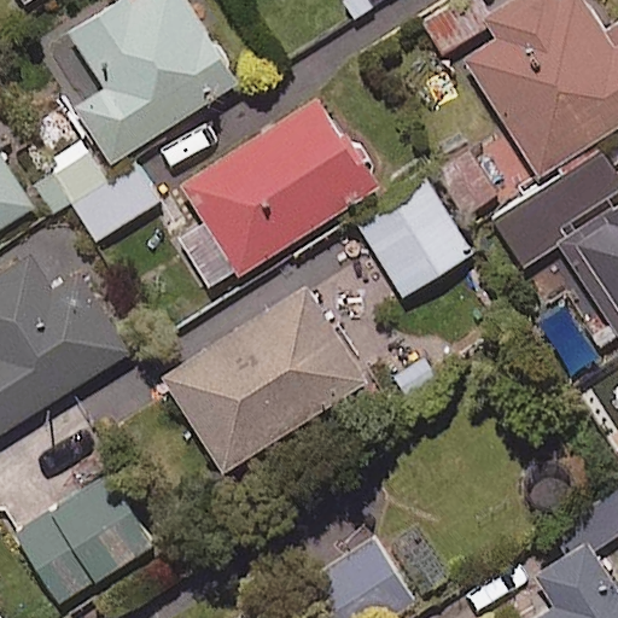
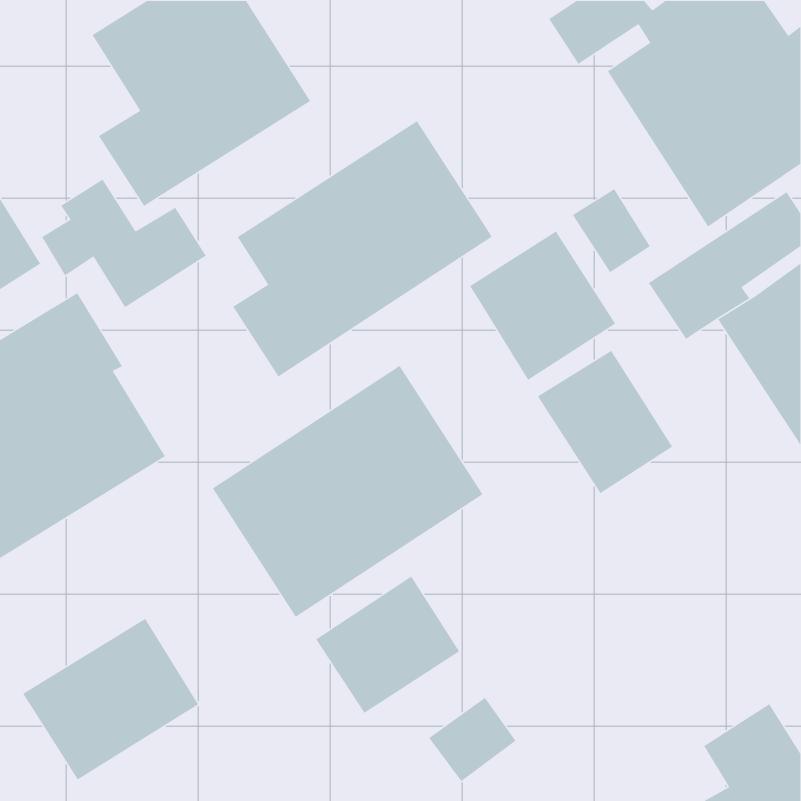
building: none -> [537,350,673,494]
building: none -> [315,576,460,714]

